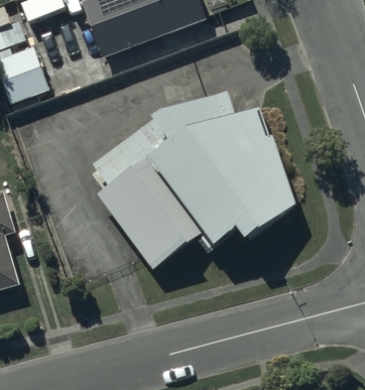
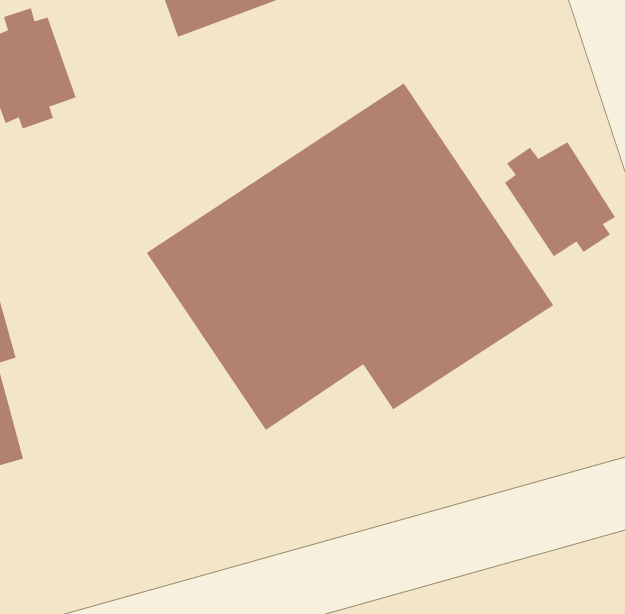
building: none -> [504,141,616,257]

